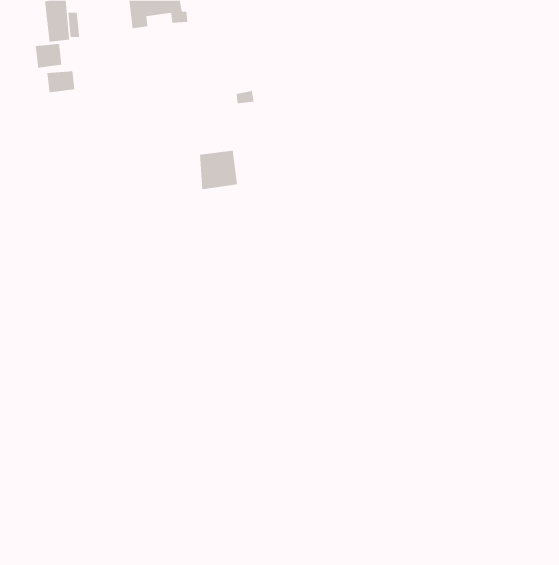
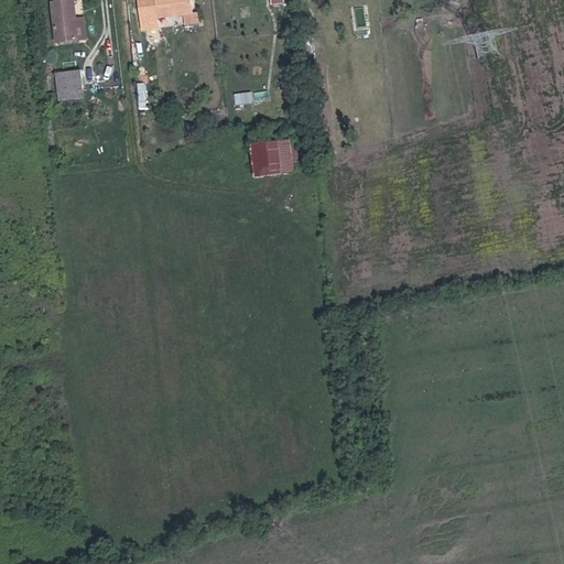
building: [35,43,62,69] -> none
building: [199,150,238,190] -> [251,137,290,176]

